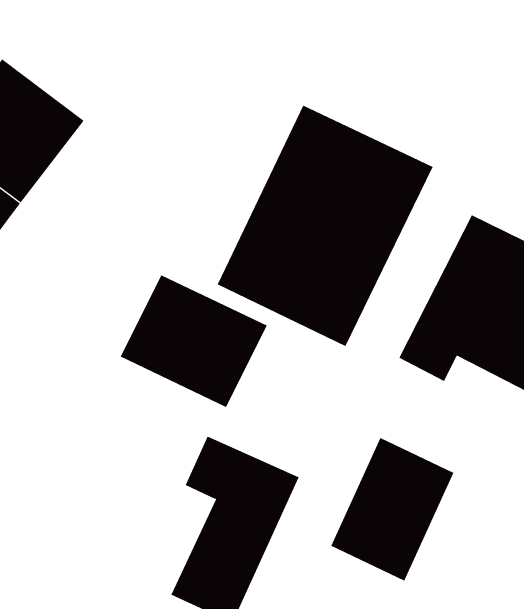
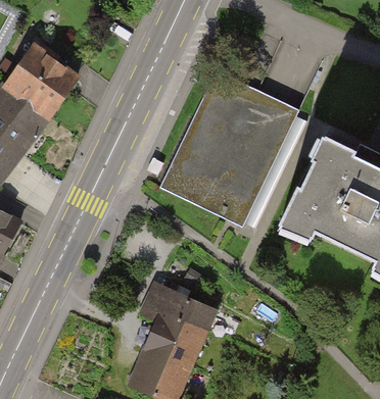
building: [120,274,267,408] -> none
building: [330,437,454,582] -> none

